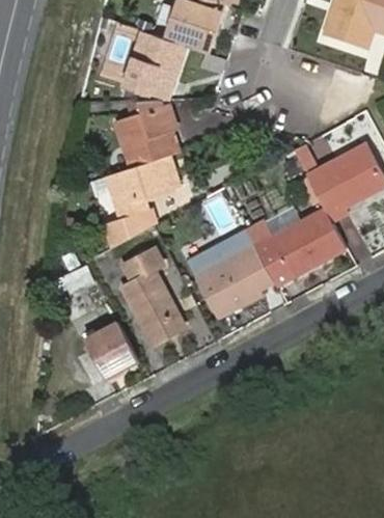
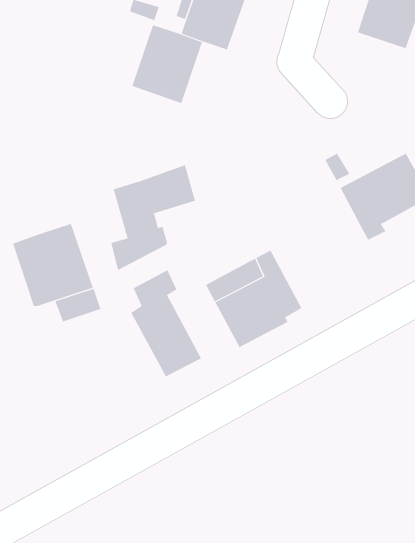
building: [116,101,180,168] -> none
building: none -> [12,223,94,307]
building: [245,208,346,285] -> none
building: [85,321,138,378] -> none

